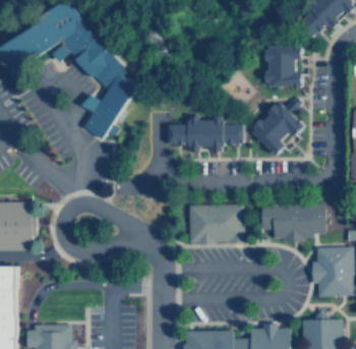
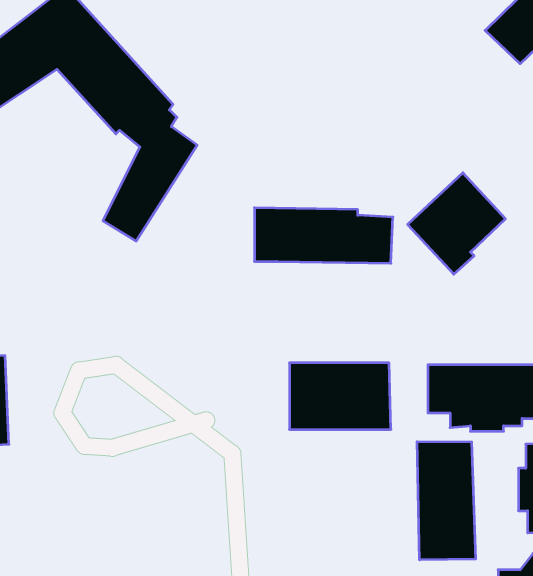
building: [264,46,302,86] -> none
building: none -> [417,442,476,560]

